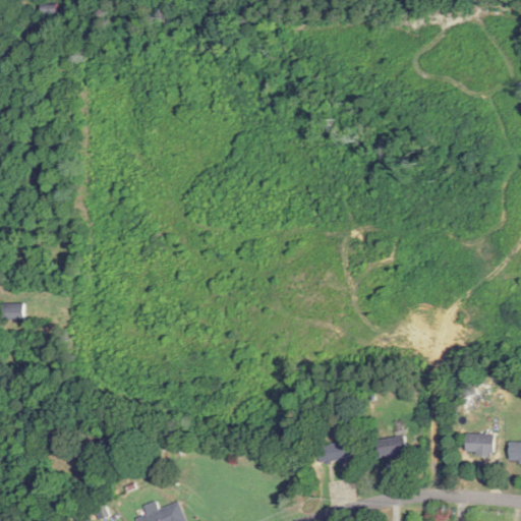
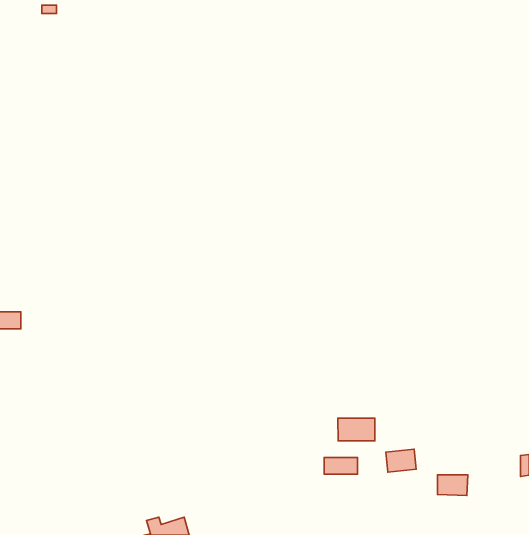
building: none -> [338,418,375,441]
building: [463,435,493,455] -> [438,475,468,496]

